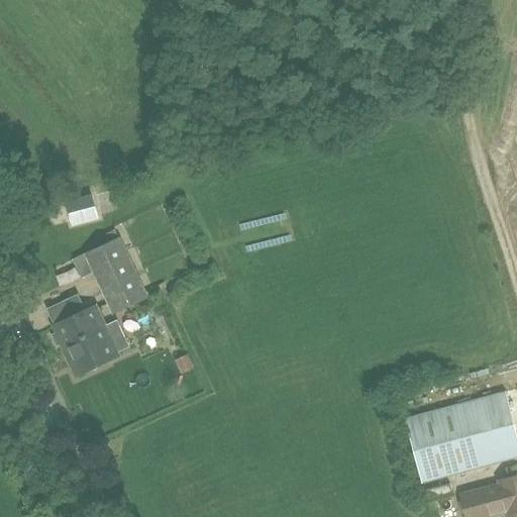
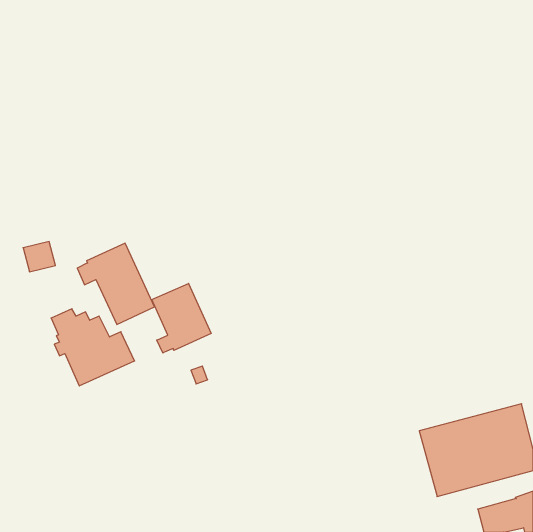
building: [67,195,98,224] -> [23,242,55,272]
building: none -> [152,283,211,353]

